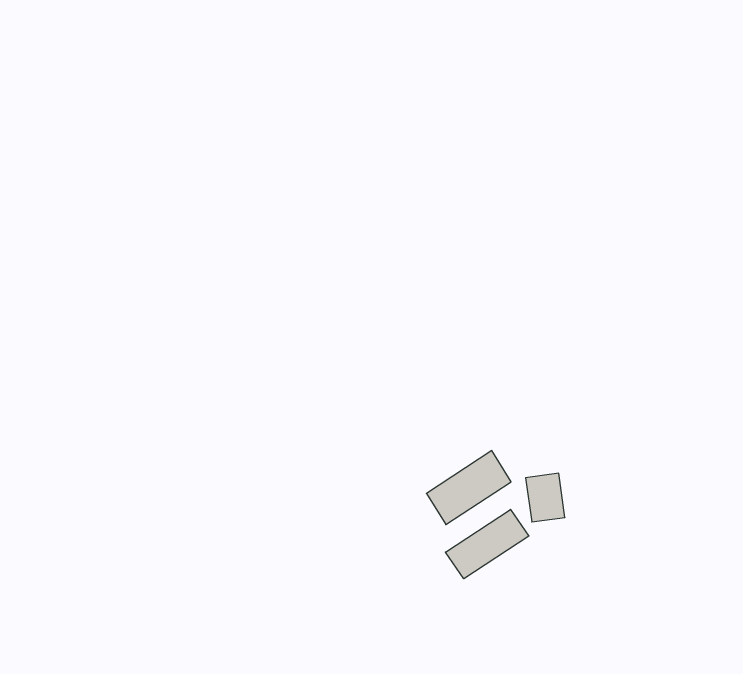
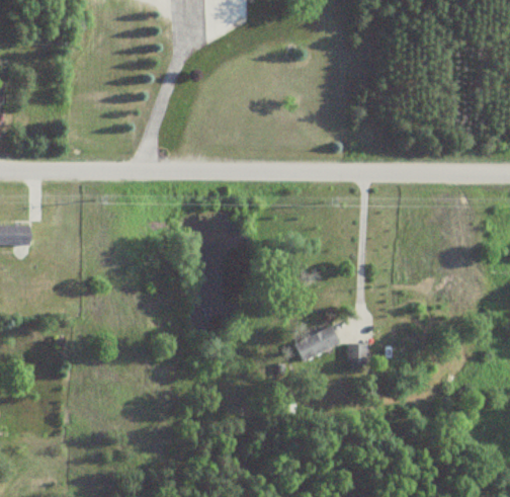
building: [445,509,529,579] -> none

